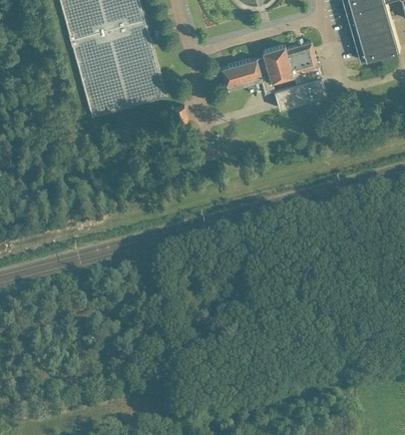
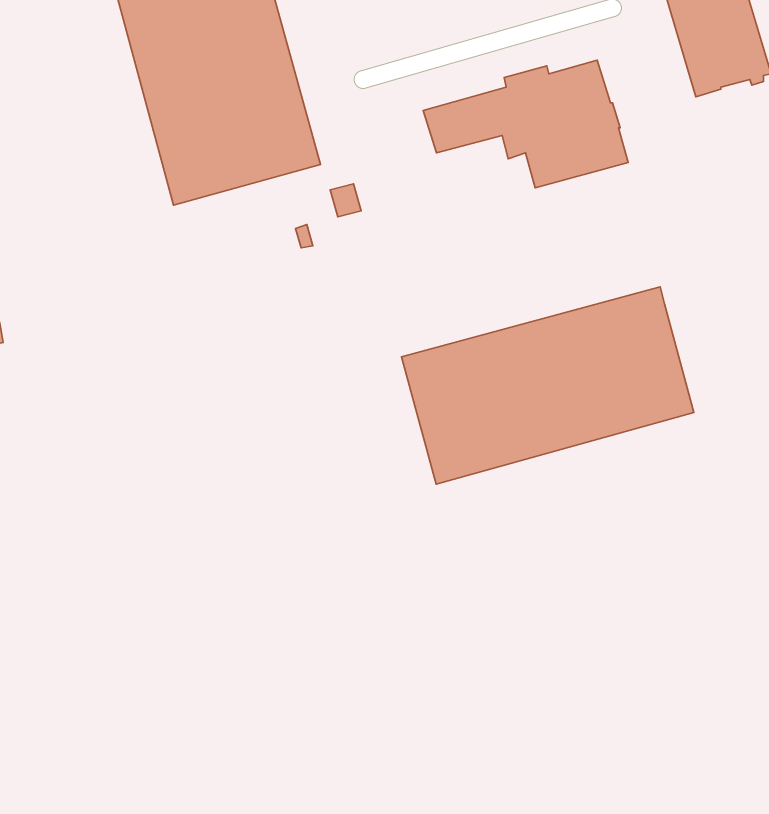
building: none -> [402,287,694,484]

